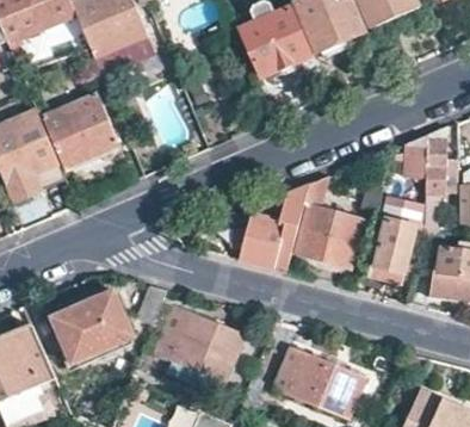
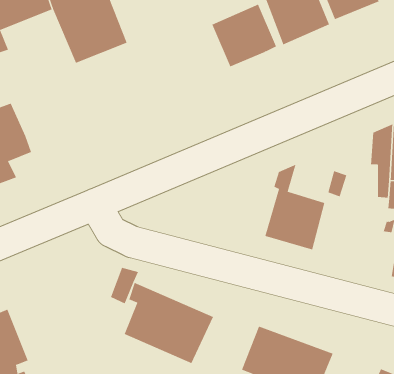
building: [41,93,122,173] -> none
building: [225,185,310,270] -> none
building: [369,216,415,276] -> none
building: [49,292,131,366] -> none

